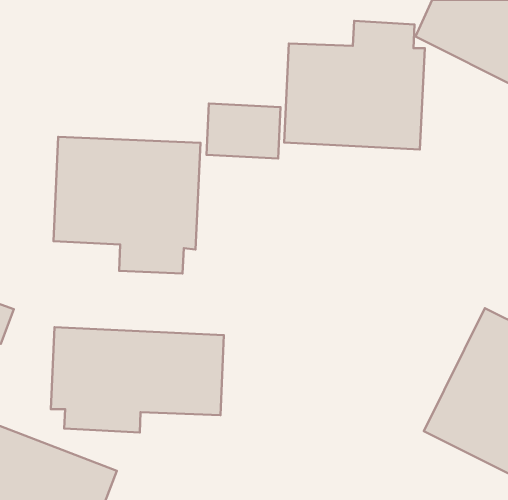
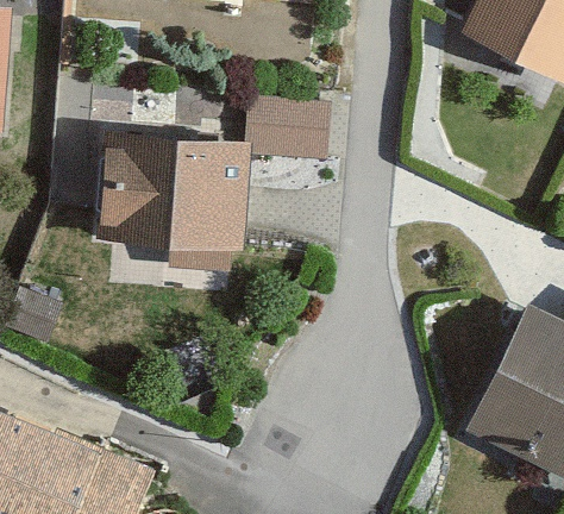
building: [284,21,425,150] -> none
building: [51,327,224,432] -> none

